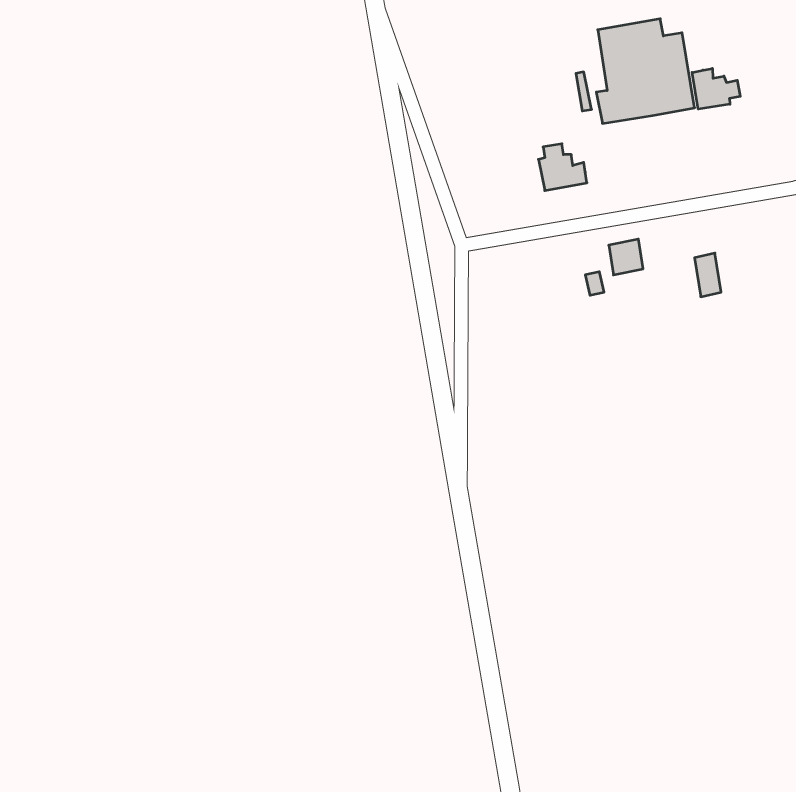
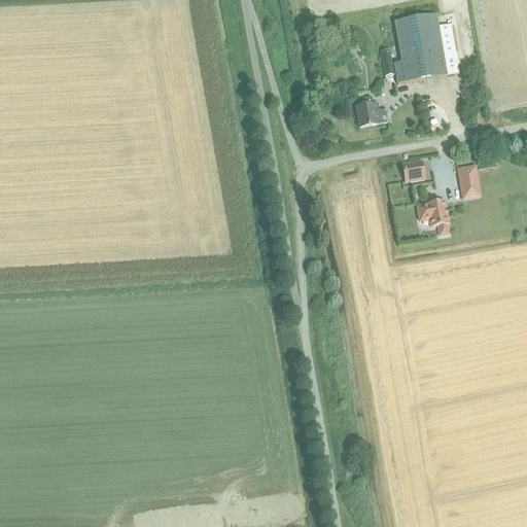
building: [692,68,740,109] -> none
building: none -> [416,199,448,231]

